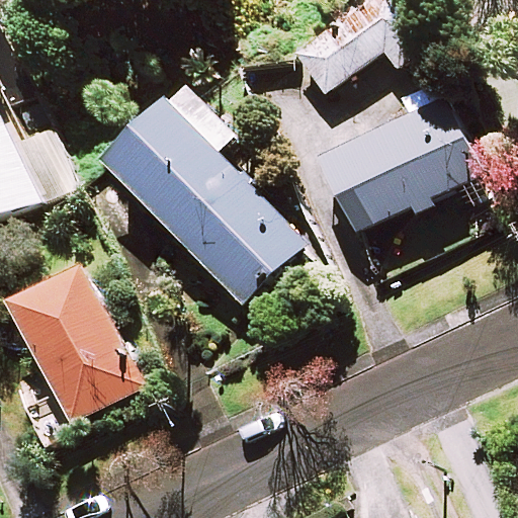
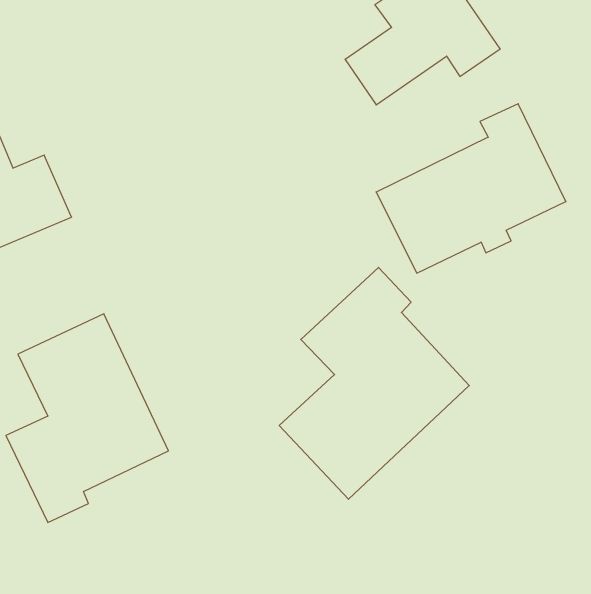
building: [109,90,301,301] -> none
building: none -> [279,267,469,499]

